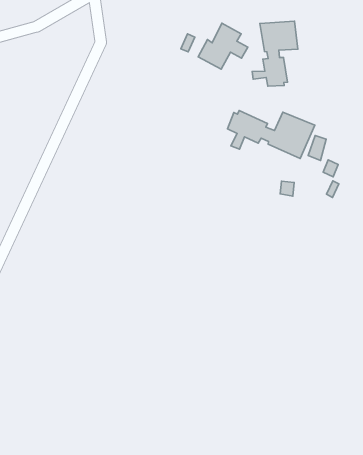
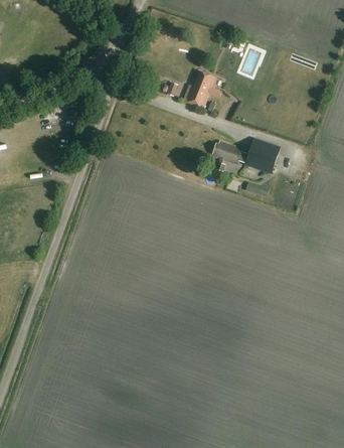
building: [252,21,298,86] -> none

